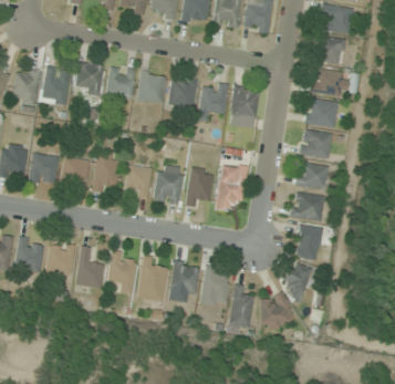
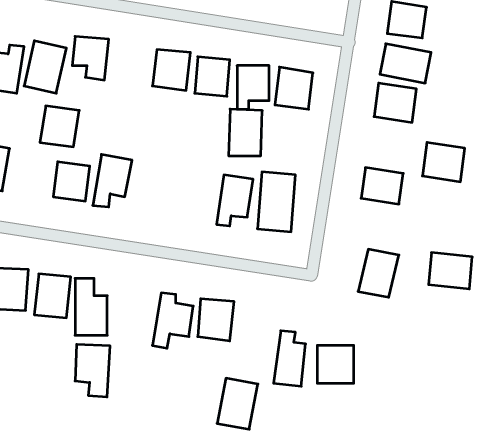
building: [105,68,135,102] -> none
building: [300,129,332,159] -> [422,142,465,182]
building: [29,154,59,185] -> [40,106,79,147]
building: [125,166,152,198] -> none
building: [156,167,181,203] -> [229,109,262,156]
building: [291,194,324,221] -> [429,253,472,289]
building: [110,253,136,293] -> [75,344,110,397]
building: [282,260,314,302] -> none
building: [199,269,230,308] -> [217,378,258,429]

